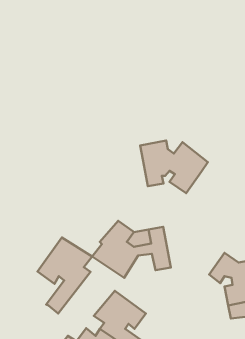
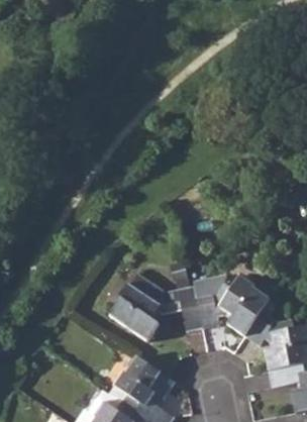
building: [140,140,208,193] -> [194,275,273,336]
building: [37,237,92,313] -> none

